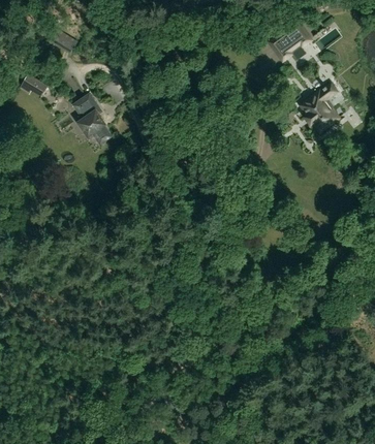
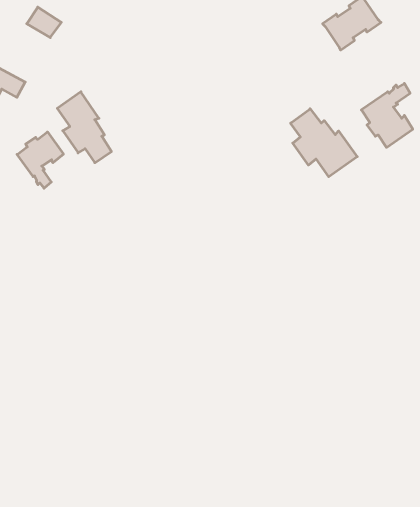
building: none -> [291,109,357,177]
building: none -> [17,132,63,188]

